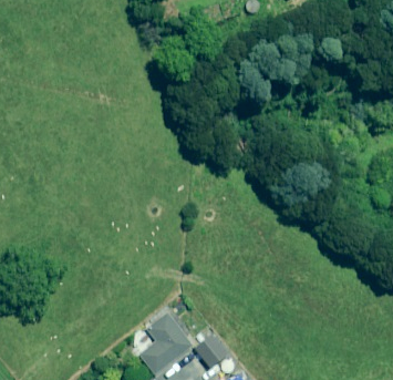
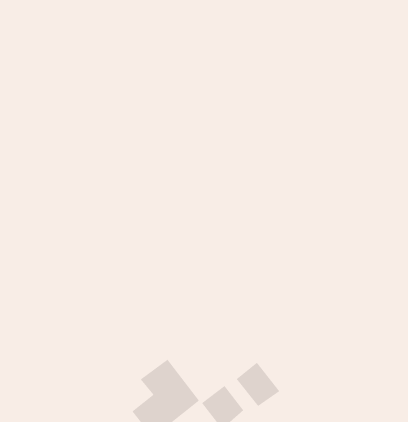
building: none -> [236,362,280,407]

